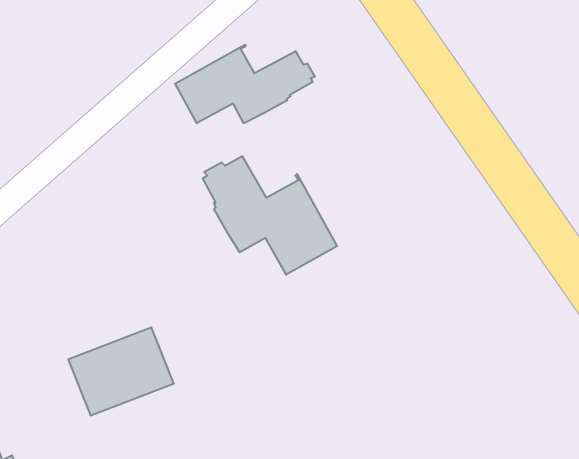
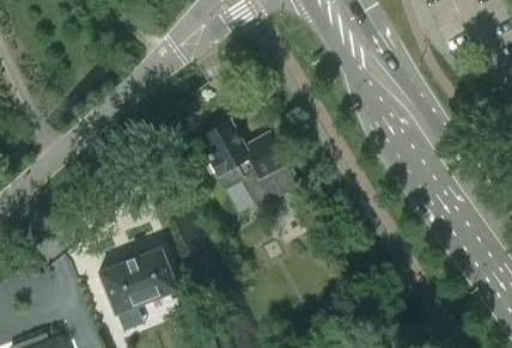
building: [175,45,315,123] -> none

